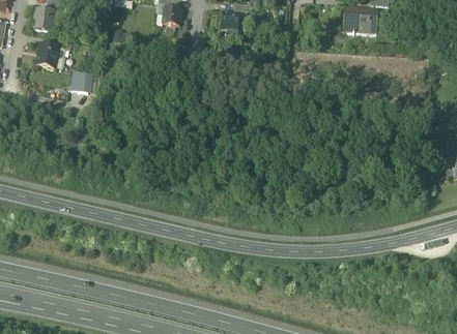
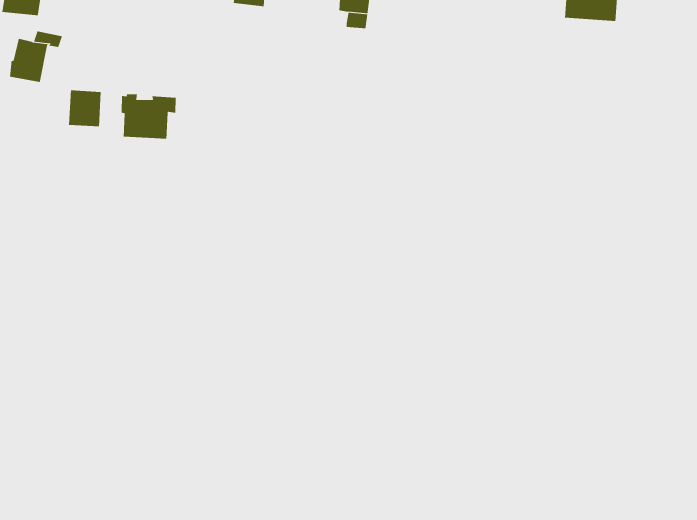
building: none -> [121,94,176,140]

